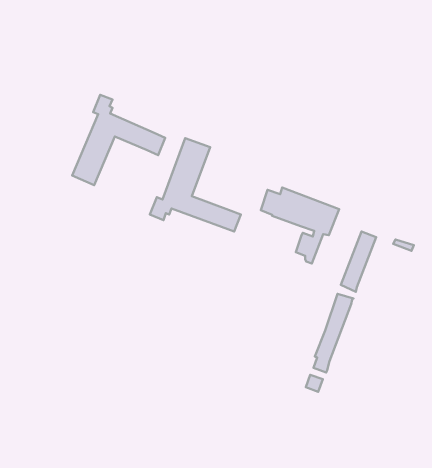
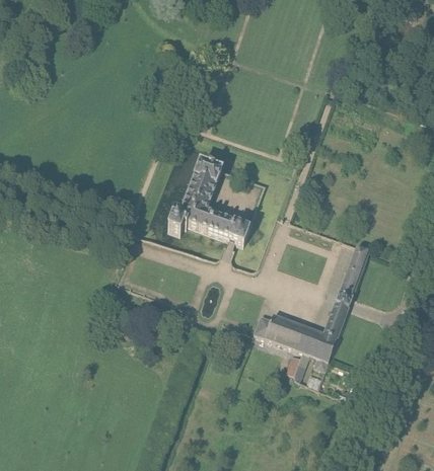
building: [72,95,165,185] -> none
building: [261,187,339,264] -> [255,311,324,379]

